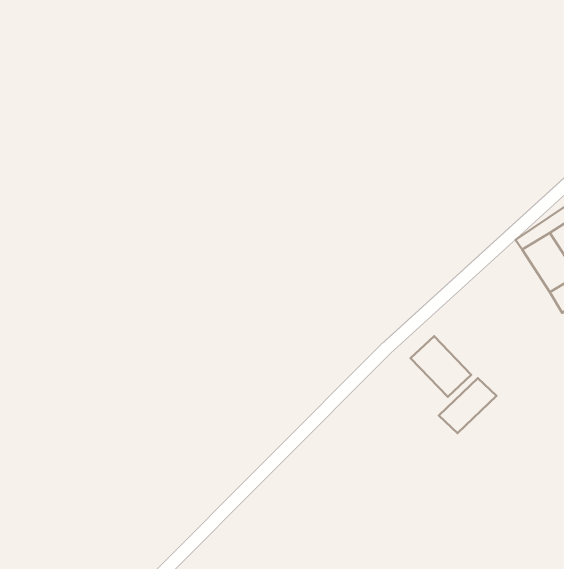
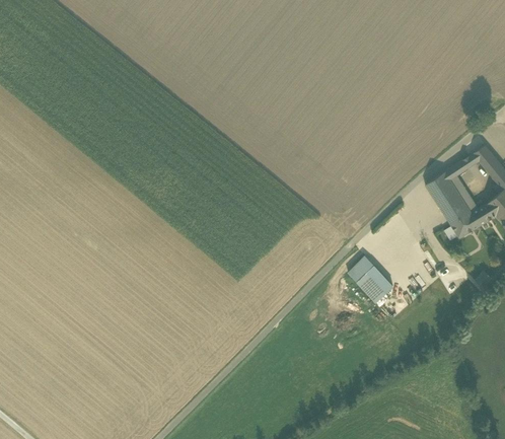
building: [439,378,496,433] -> none

